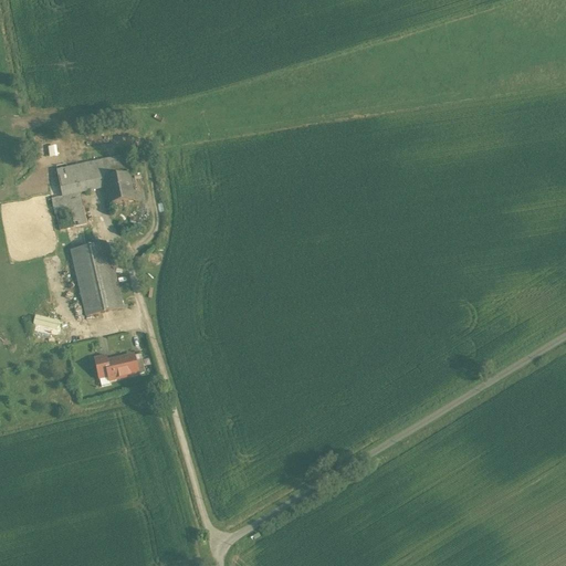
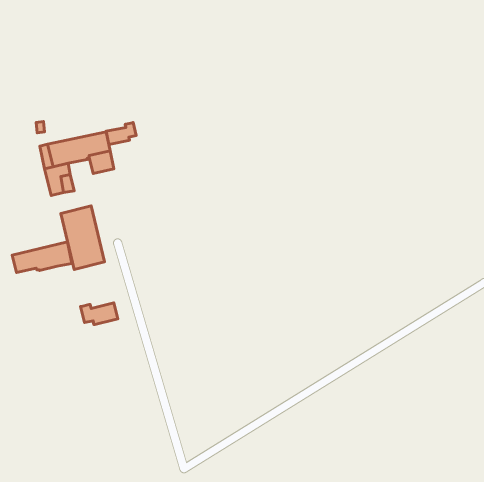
building: none -> [106,122,136,144]
building: none -> [12,242,72,273]

